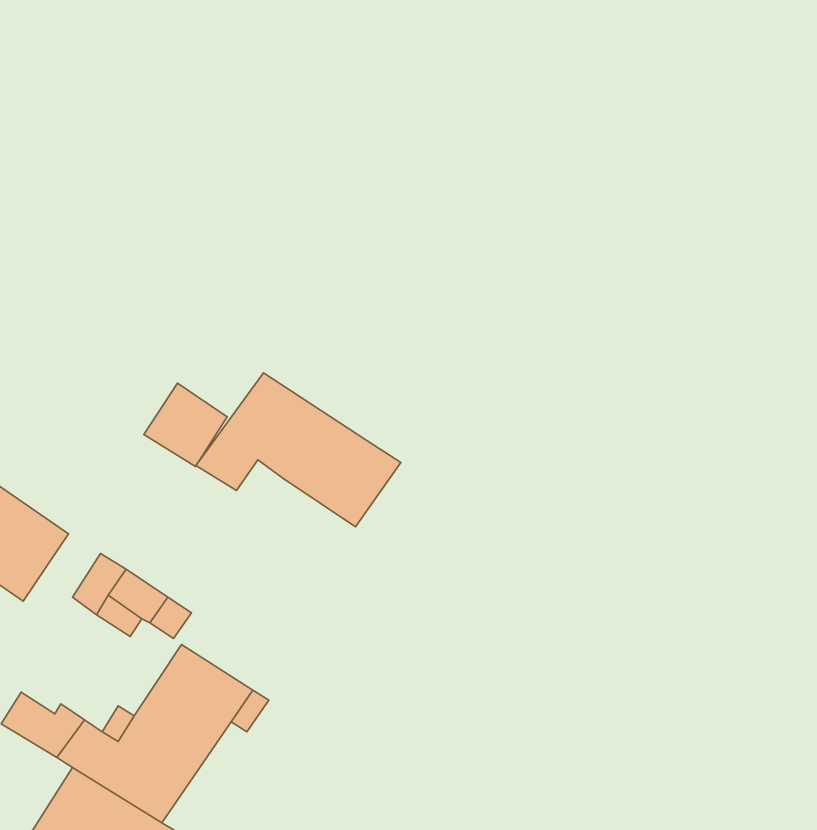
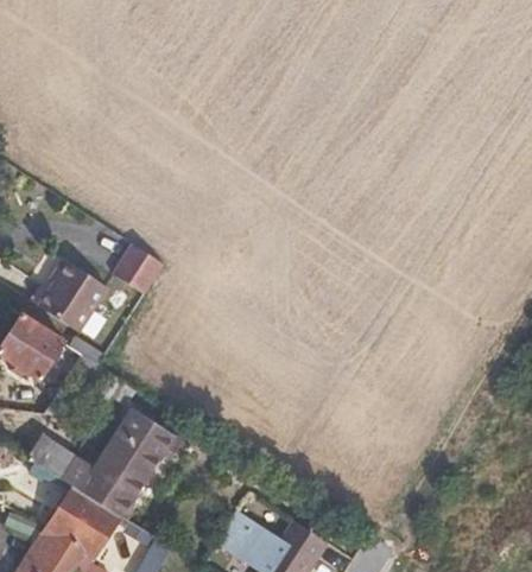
building: [196,373,401,527] -> none
building: none -> [43,261,109,330]

